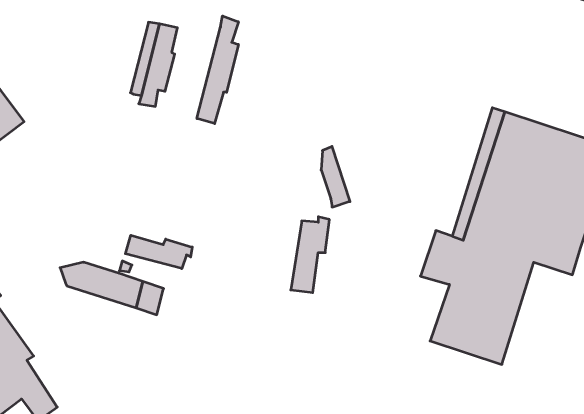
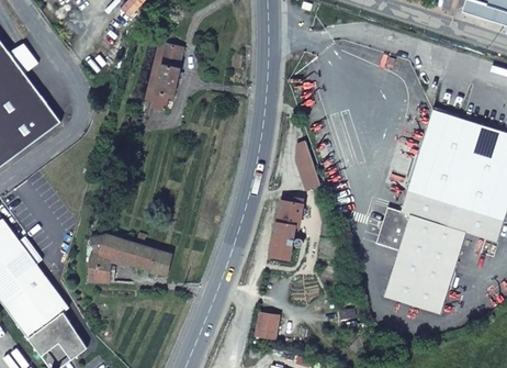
building: [197,16,238,124] -> none
building: [125,235,192,269] -> none
building: none -> [88,255,111,282]
building: none -> [256,311,279,335]

